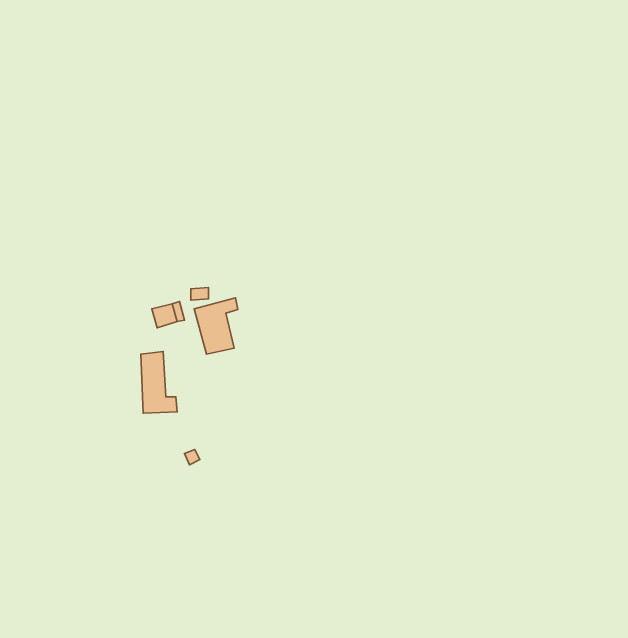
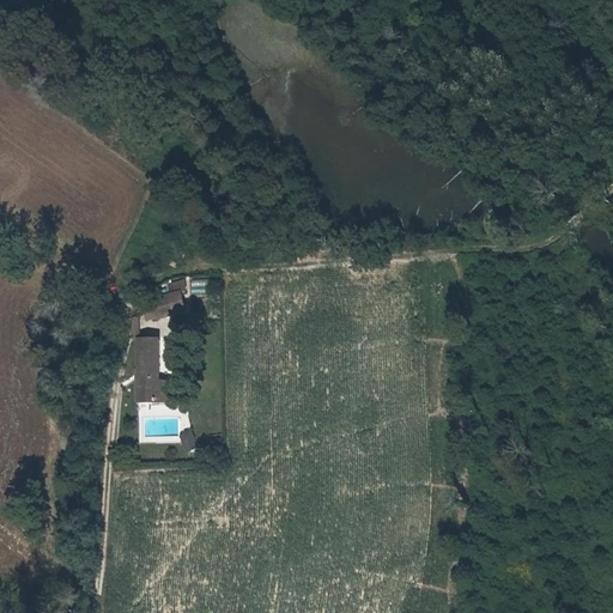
building: [194,298,238,354] -> none

